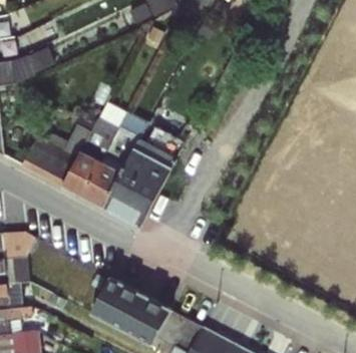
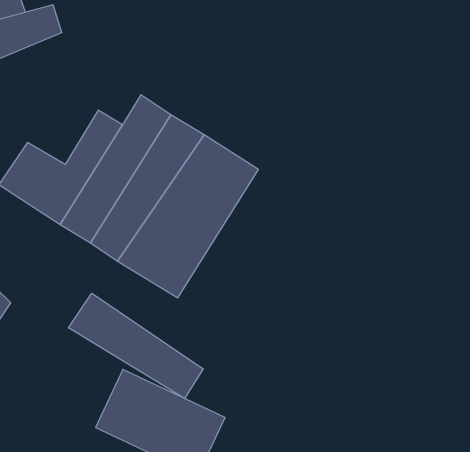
building: none -> [68,293,203,399]

